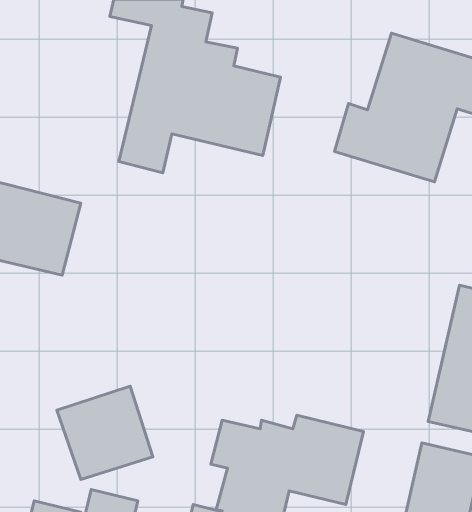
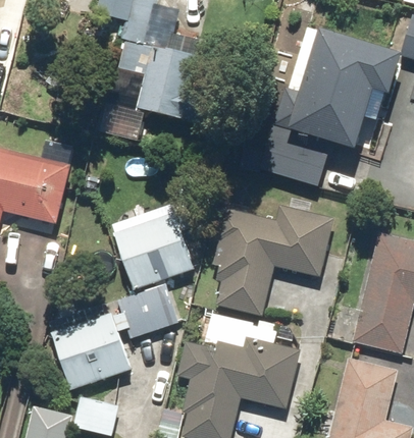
building: none -> [260,127,329,185]
building: none -> [213,205,333,315]
building: none -> [113,213,192,289]
building: none -> [117,284,177,339]

